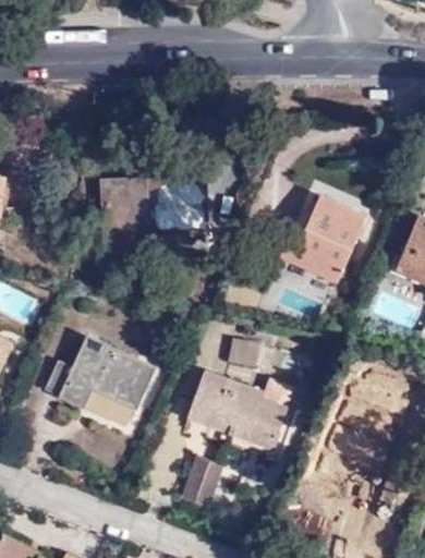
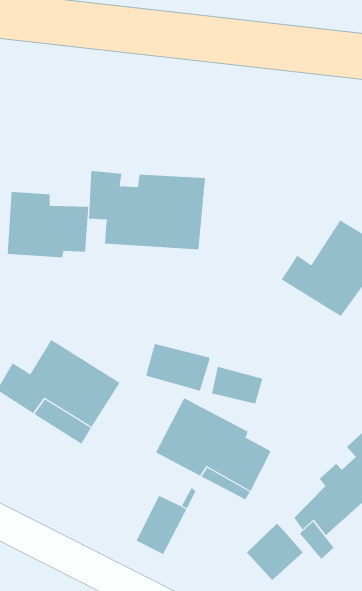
building: none -> [7,191,89,258]
building: none -> [145,343,210,391]
building: none -> [246,523,304,581]

